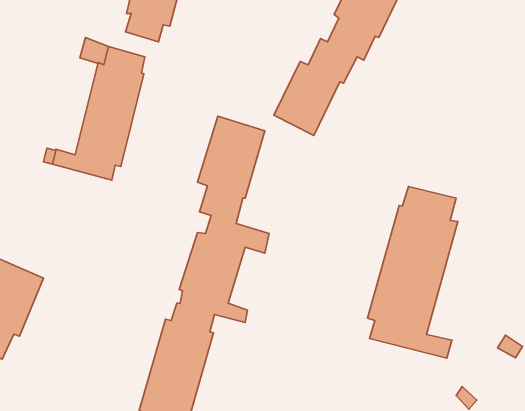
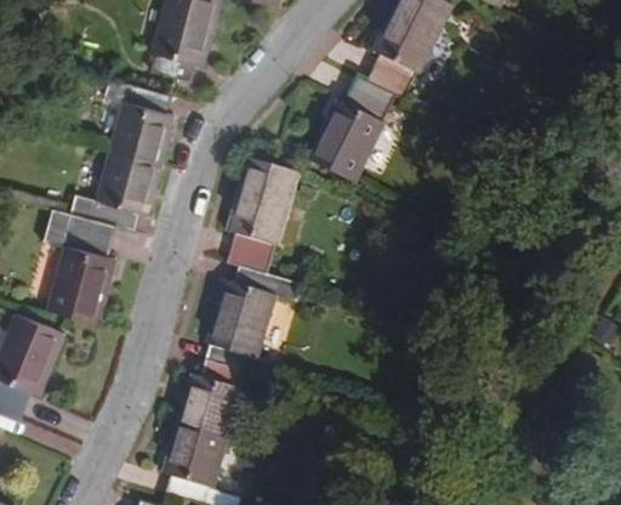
building: none -> [45,223,115,319]
building: [368,187,458,358] -> none

